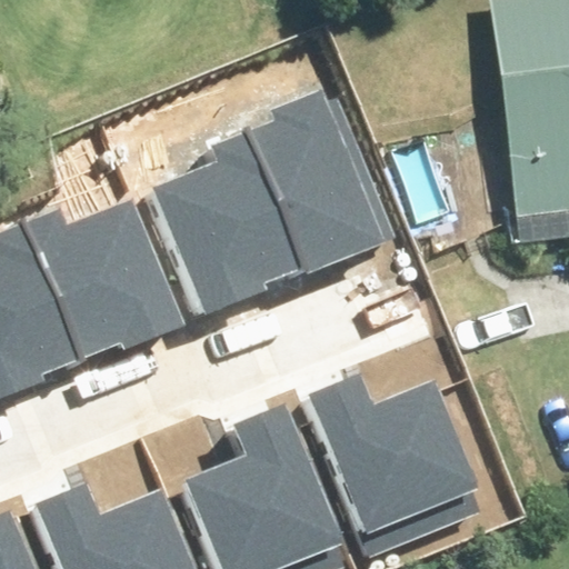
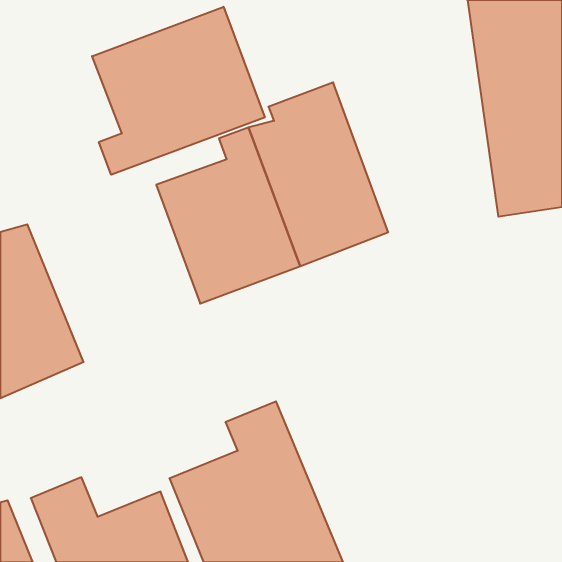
building: none -> [92,7,265,175]
building: [28,200,183,366] -> none
building: [320,382,482,549] -> none

